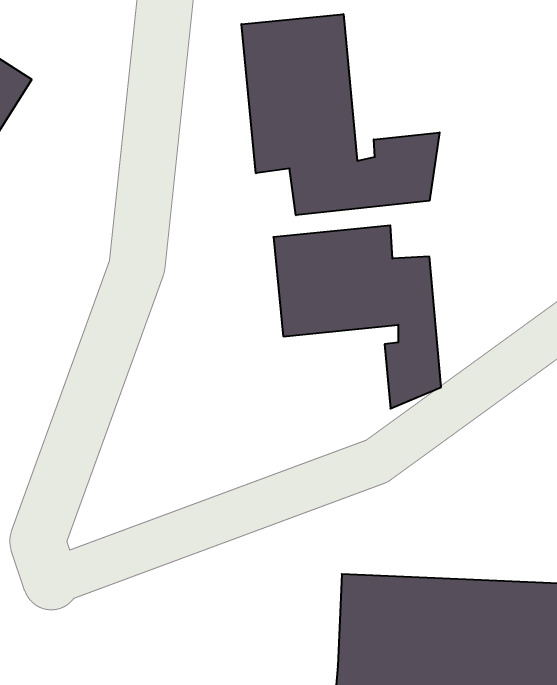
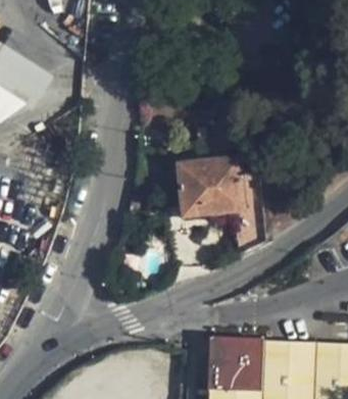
building: [241,14,440,215] -> none

